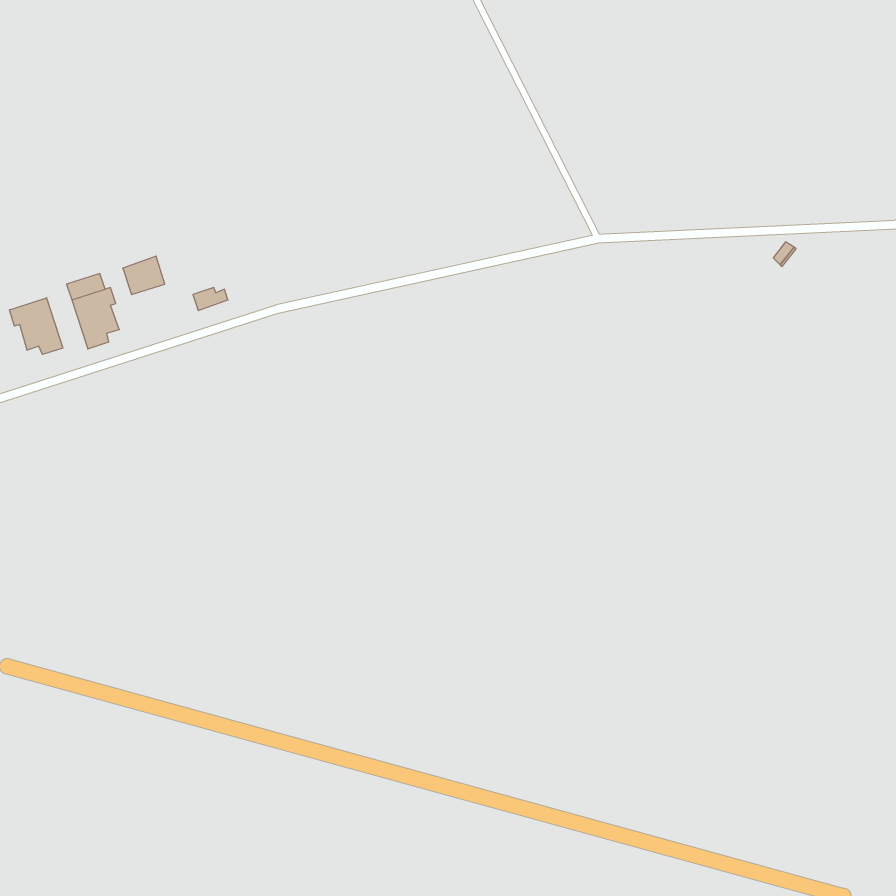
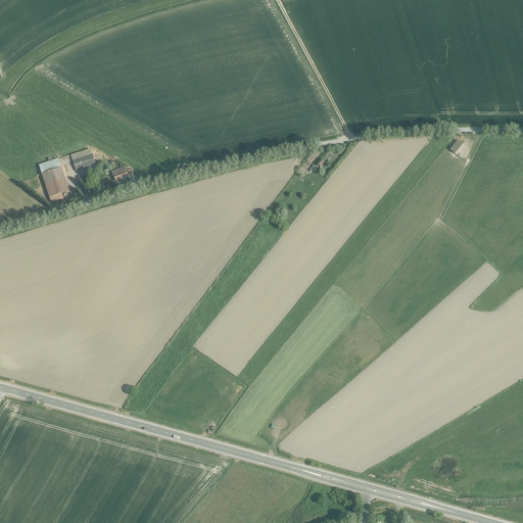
building: [10,298,63,354] -> none

